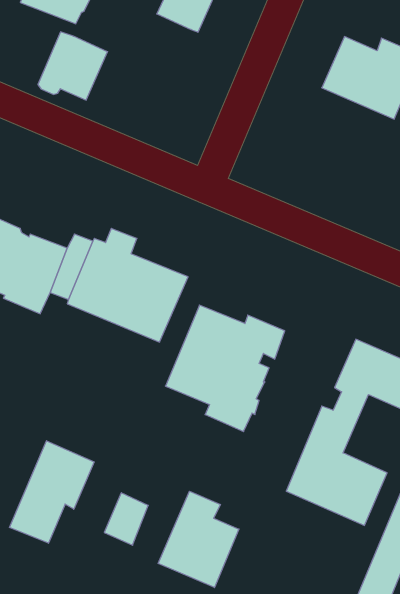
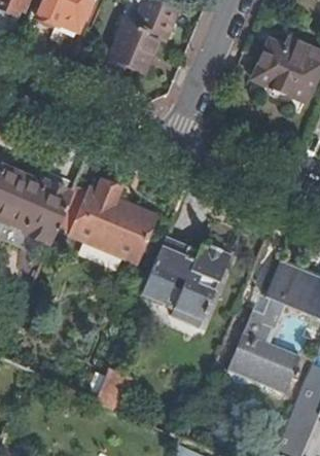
building: [38,32,108,100] -> [109,22,159,71]
building: [9,441,94,543] -> none
building: [158,491,239,588] -> none

